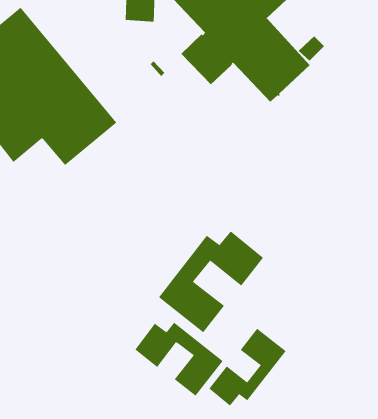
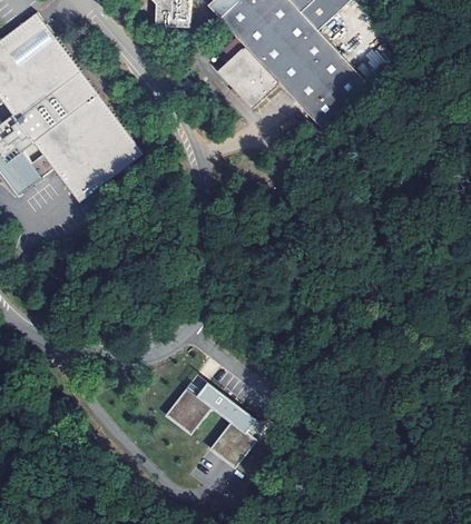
building: [158,230,264,333] -> none
building: [209,328,286,406] -> none

